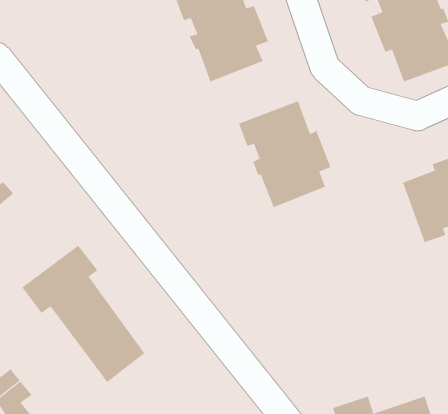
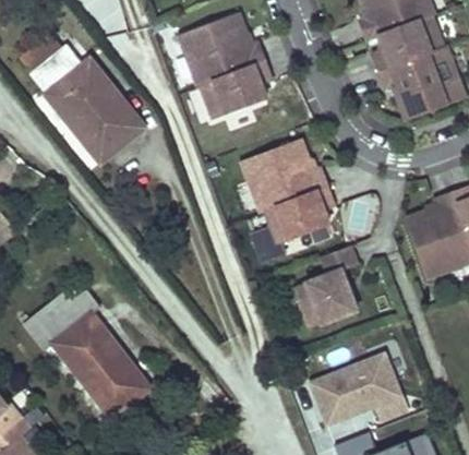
building: none -> [34,48,143,161]
building: none -> [294,246,358,328]
building: none -> [308,347,412,443]

